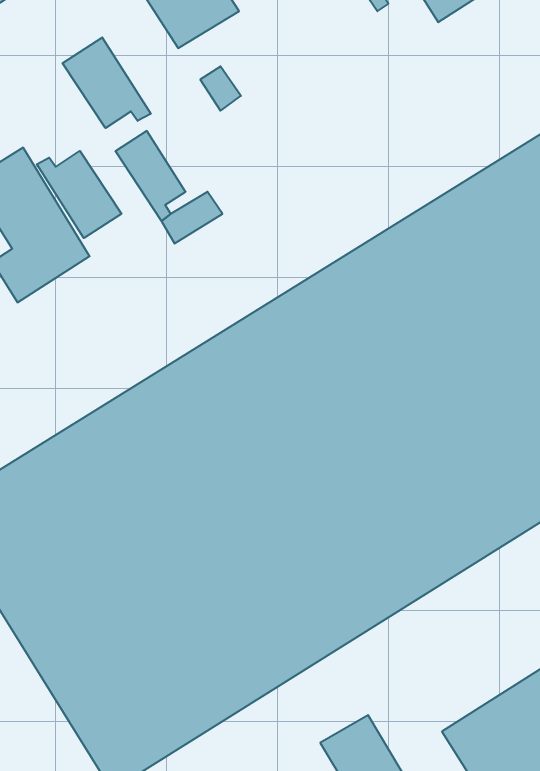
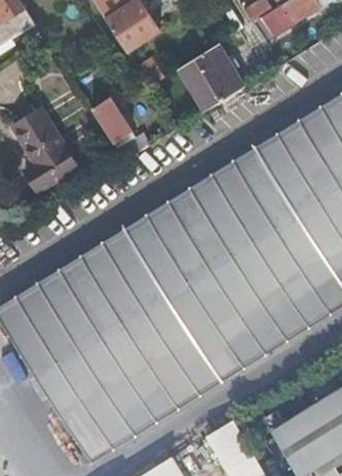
building: none -> [180,44,245,111]
building: [63,37,151,128] -> none
building: [37,151,121,238] -> none

